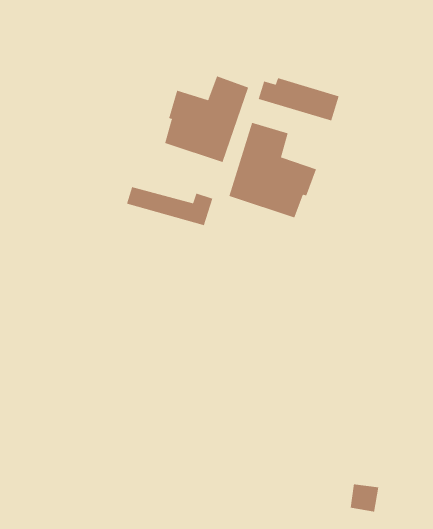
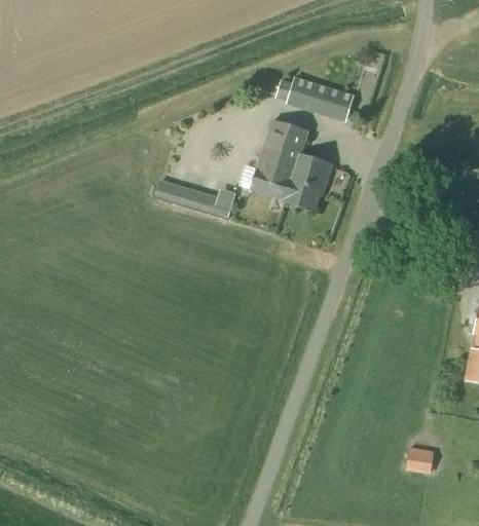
building: [164,76,249,163] -> none
building: [350,484,379,512] -> [407,447,435,474]

